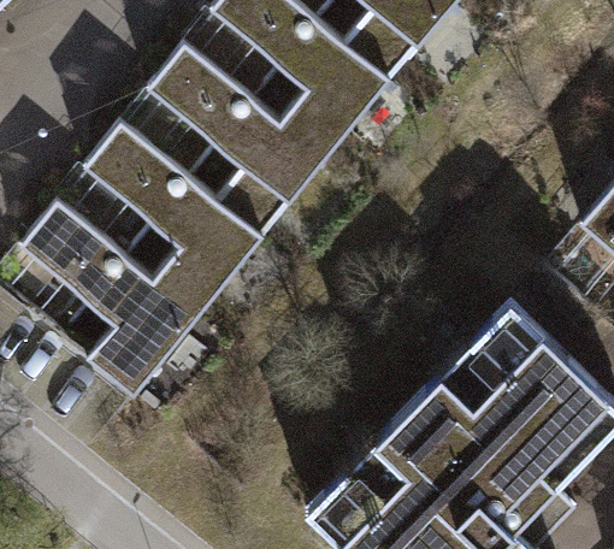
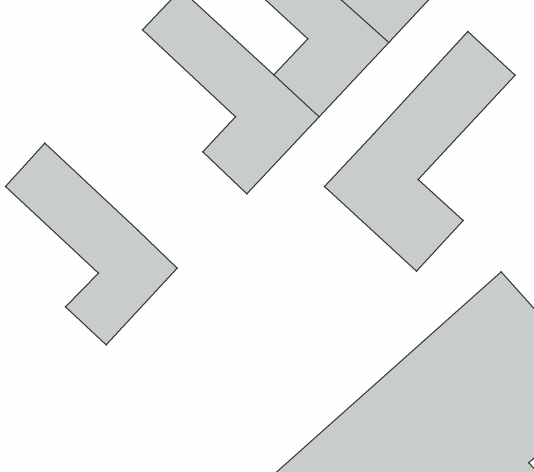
building: none -> [324,31,515,271]
building: [87,128,258,319] -> none

